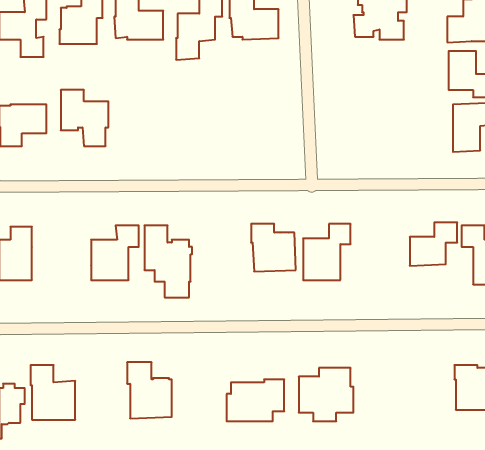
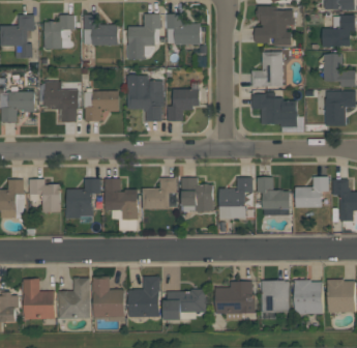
building: none -> [251,52,282,87]
building: none -> [126,76,163,121]
building: none -> [168,89,200,121]
building: none -> [84,91,119,122]
building: none -> [251,92,297,127]
building: none -> [142,177,177,209]
building: none -> [258,178,290,215]
building: none -> [29,179,61,212]
building: none -> [128,277,160,317]
building: none -> [58,278,90,318]
building: none -> [262,281,289,313]
building: none -> [294,281,322,314]

